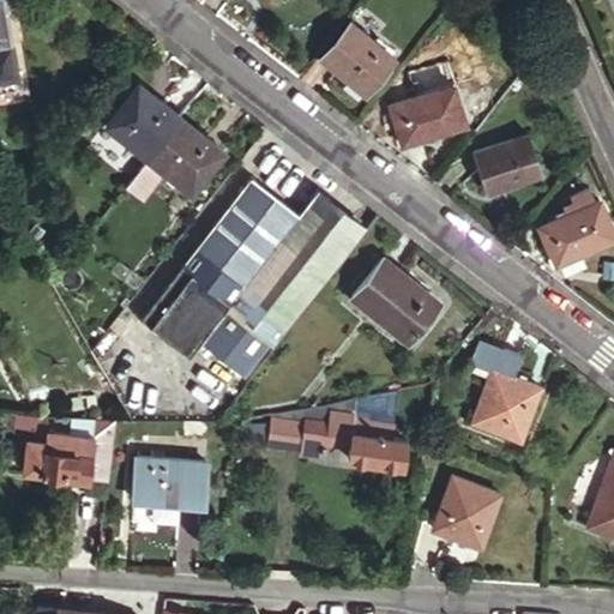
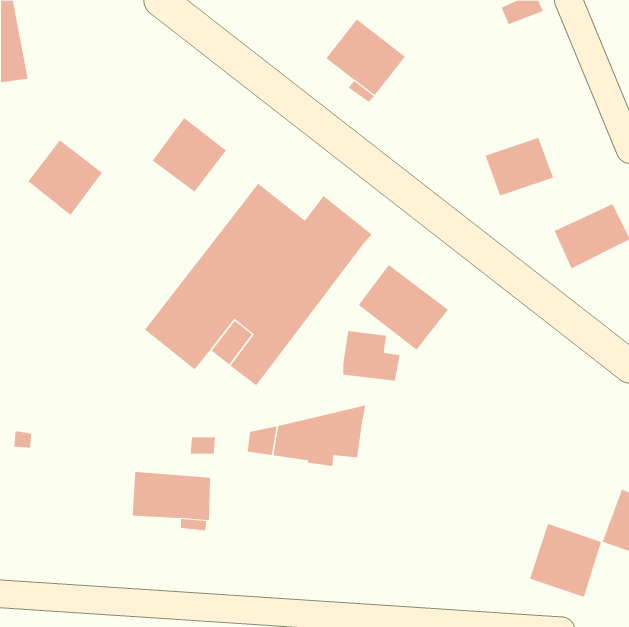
building: [107,85,180,159] -> [28,139,103,216]
building: [387,89,463,146] -> none
building: [469,344,538,441] -> none
building: [349,416,405,465] -> [342,330,400,381]
building: [24,426,119,487] -> none
building: [431,483,501,555] -> [529,523,602,597]

